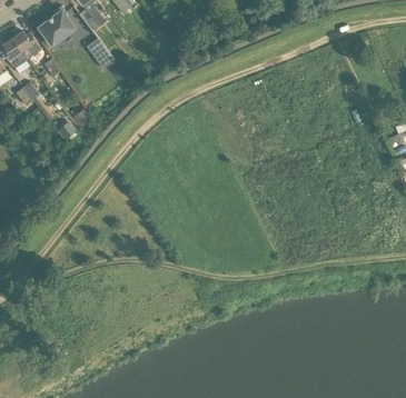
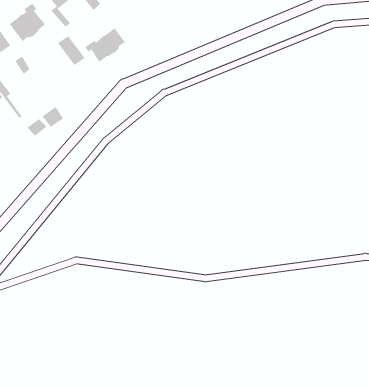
building: none -> [85,28,126,62]

